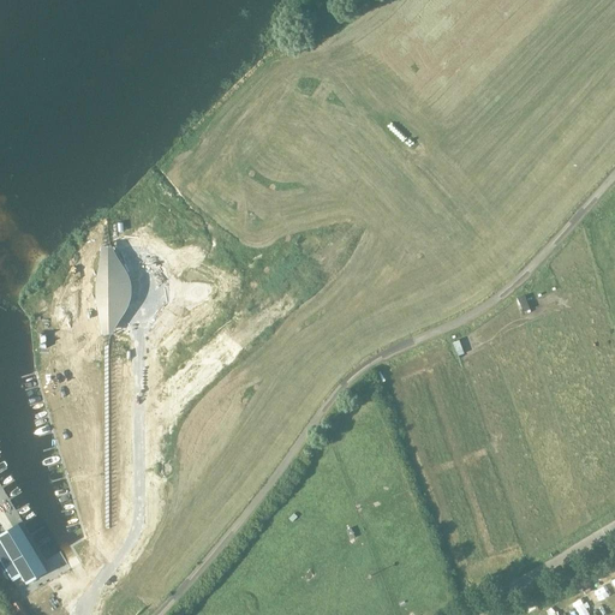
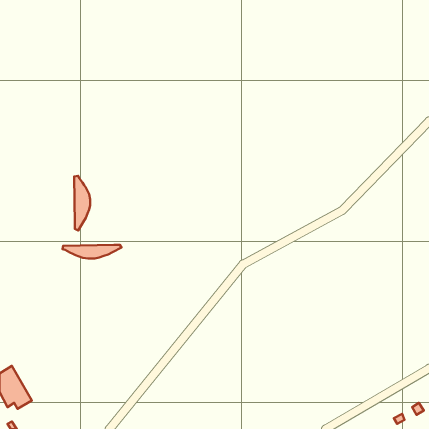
building: none -> [62,245,122,259]

